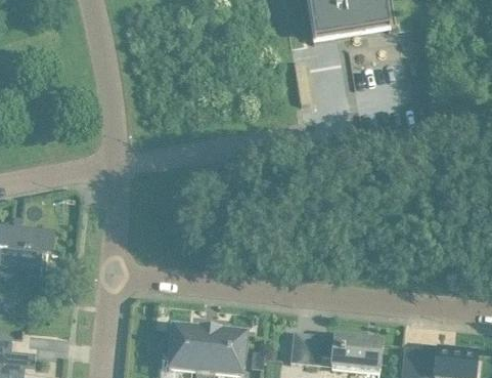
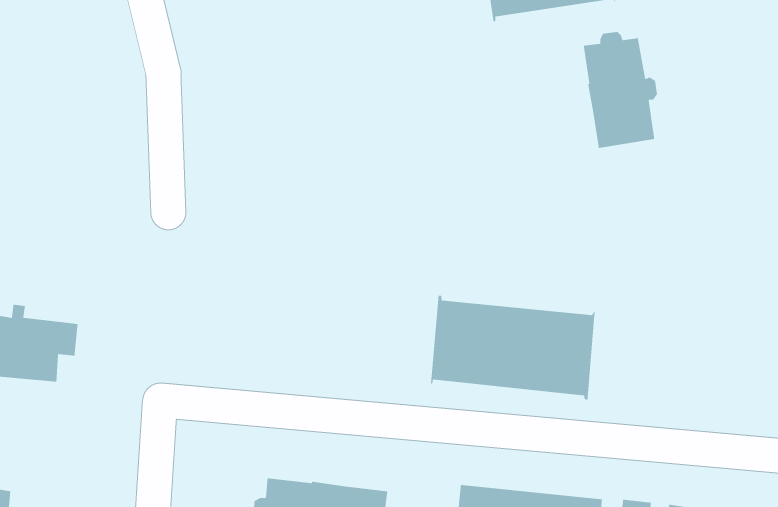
building: none -> [583,31,658,149]
building: none -> [430,295,595,401]

